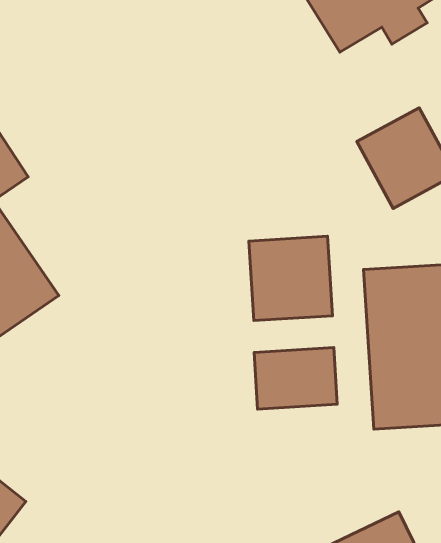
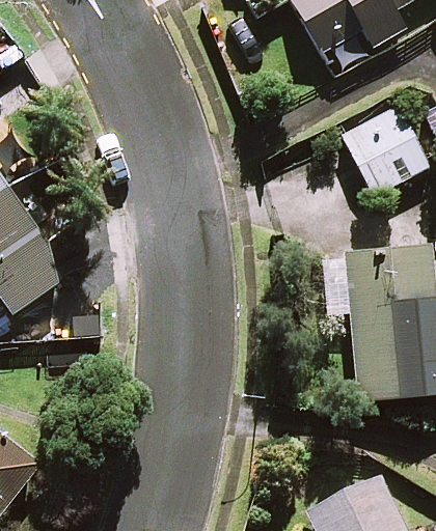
building: [249,236,333,321] -> none
building: [254,347,337,409] -> none

